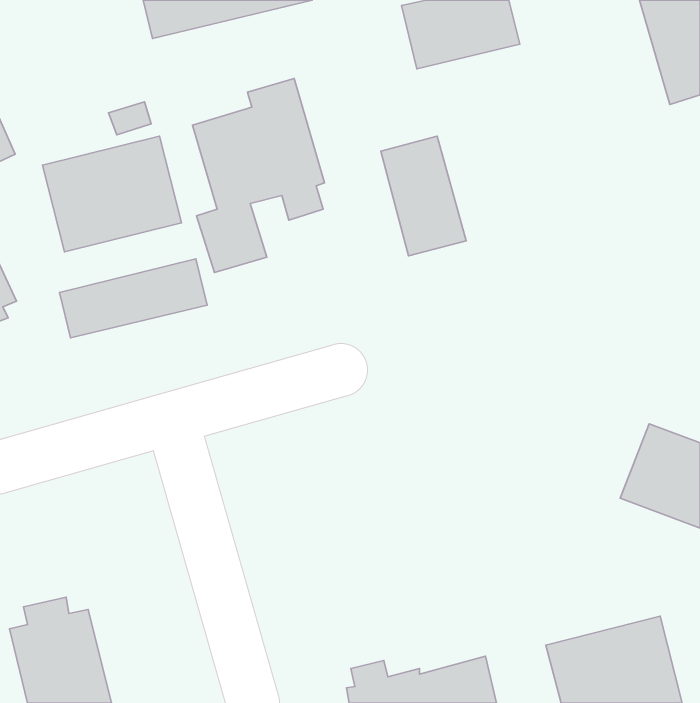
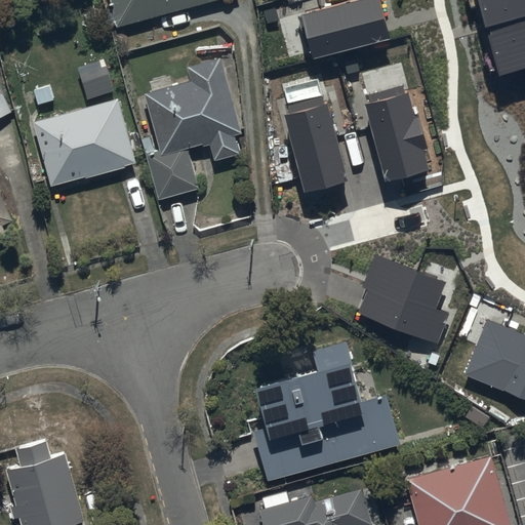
building: none -> [365,92,427,180]
building: [60,259,207,338] -> none
building: none -> [360,249,446,339]
building: none -> [254,335,398,474]

